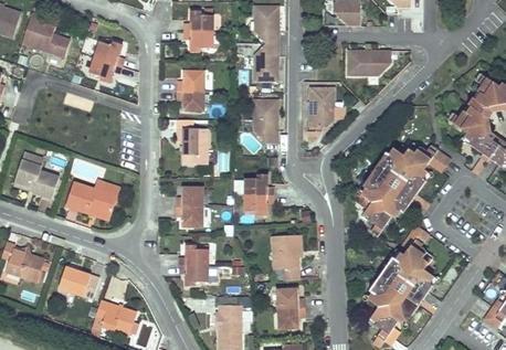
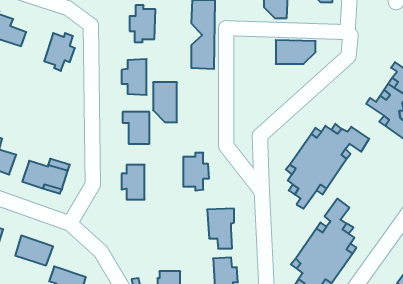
building: [308,87,342,131] -> none
building: [252,99,278,144] -> [153,82,177,122]
building: [180,246,208,287] -> none

